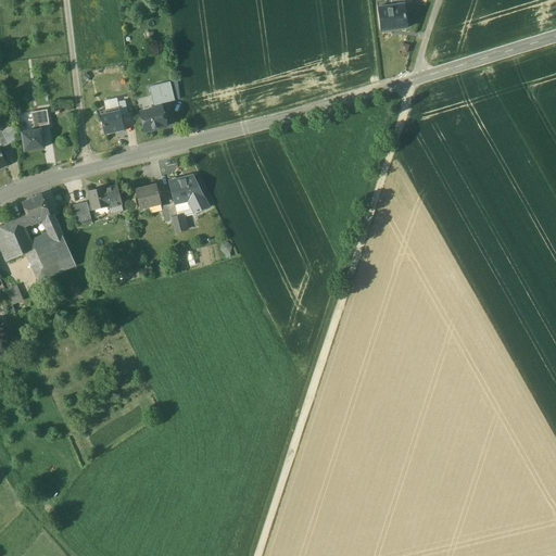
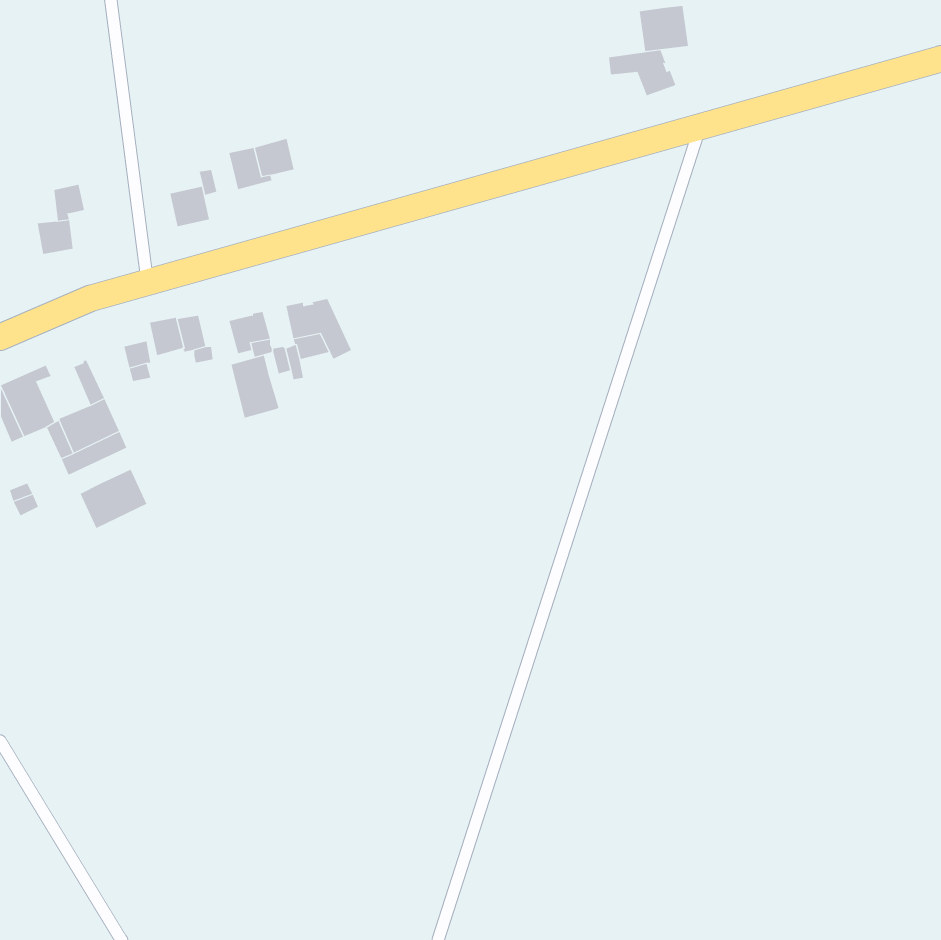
building: none -> [609,50,676,96]
building: [140,106,165,130] -> none
building: [22,193,49,222] -> none
building: none -> [231,355,279,419]
building: none -> [80,469,147,529]

